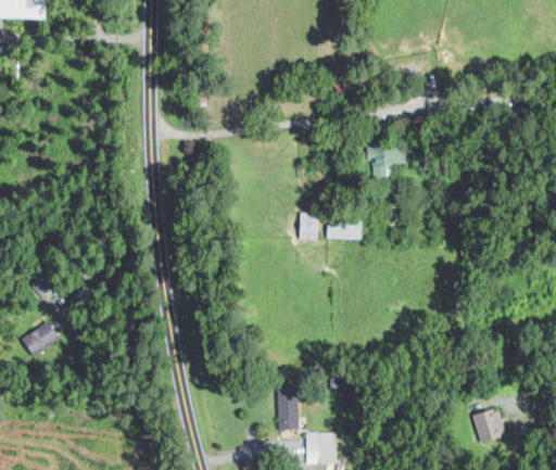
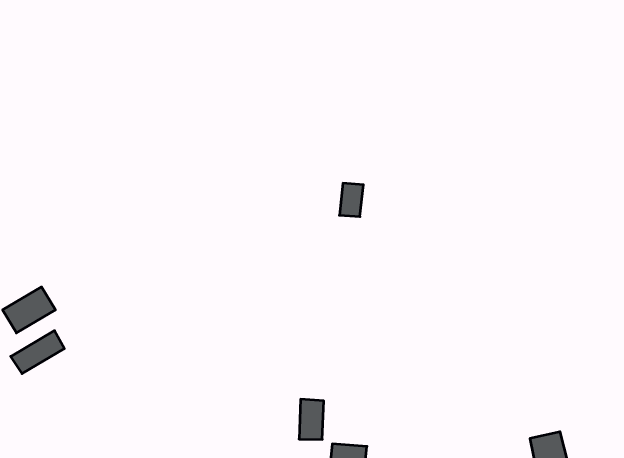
building: [366,147,405,177] -> none
building: [326,218,362,239] -> none
building: none -> [11,331,64,374]

